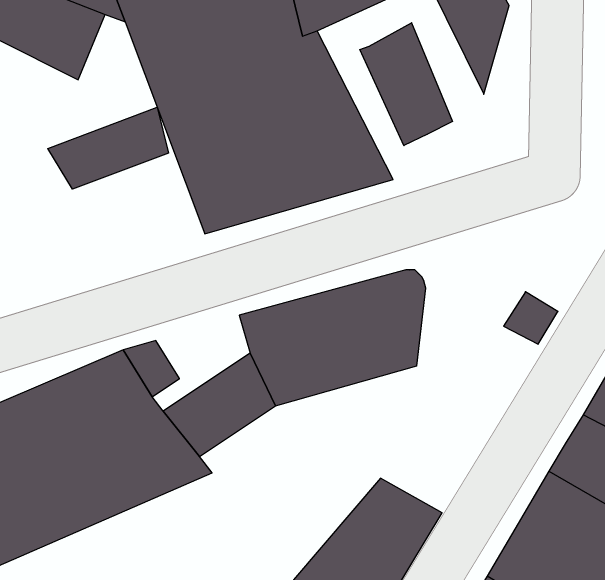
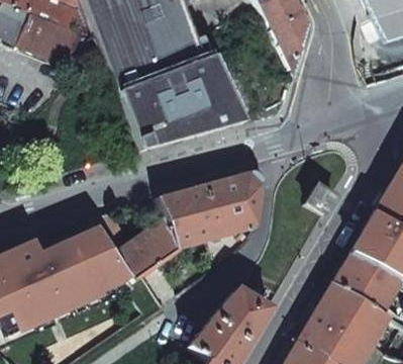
building: [360,23,452,146] -> none
building: [48,107,168,189] -> none

